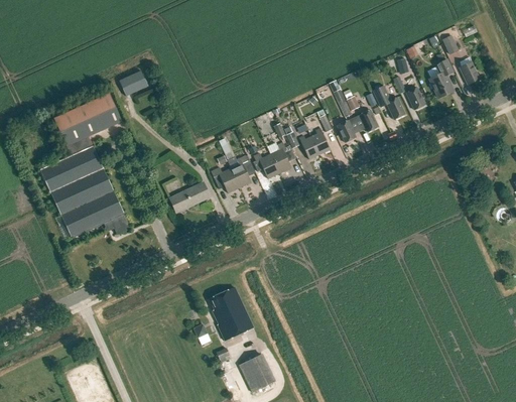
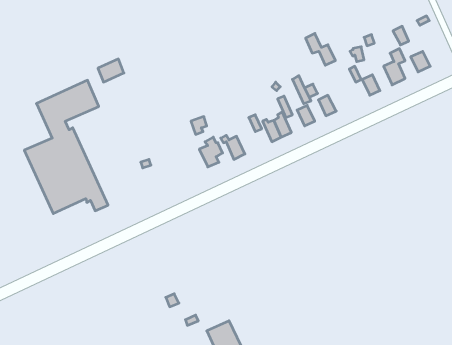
building: [373,85,405,119] -> [306,33,335,65]
building: [270,124,291,172] -> none
building: [211,166,239,192] -> none
building: [170,181,210,212] -> none
building: [210,286,253,340] -> none

